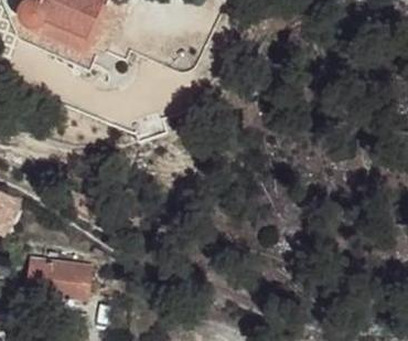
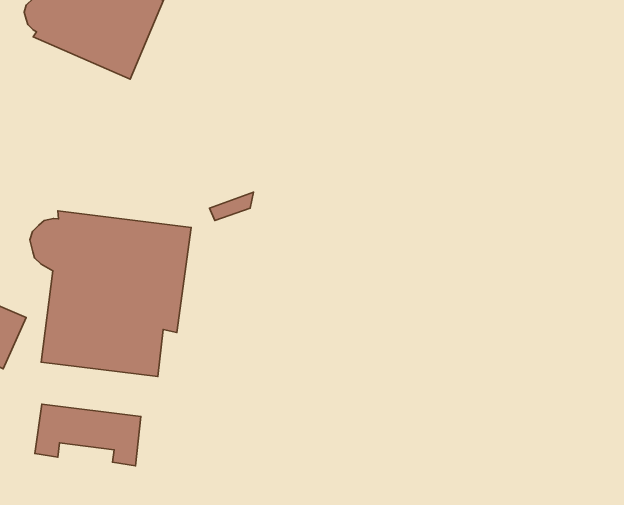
building: none -> [30,211,191,377]

